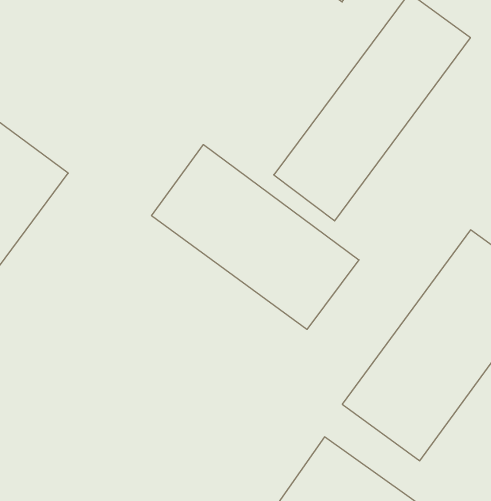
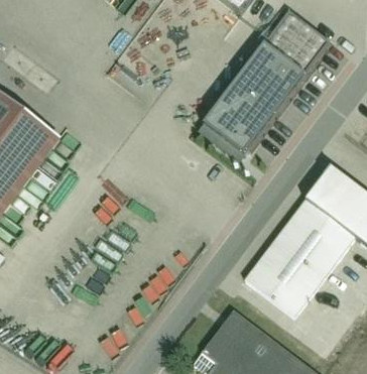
building: [152,145,359,329] -> none

